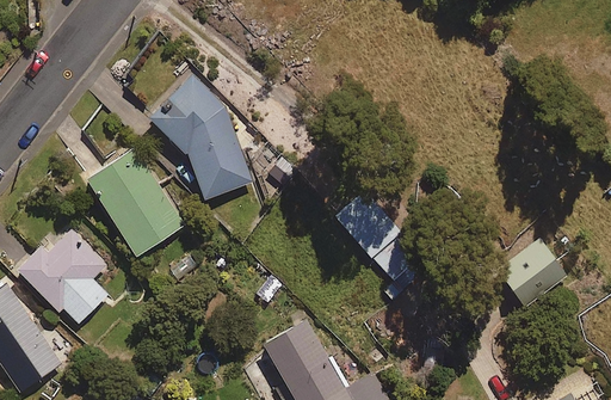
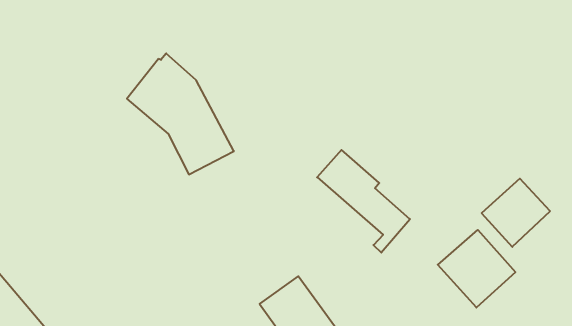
building: [86,148,184,257] -> none
building: [18,222,107,327] -> none
building: none -> [438,230,515,308]

